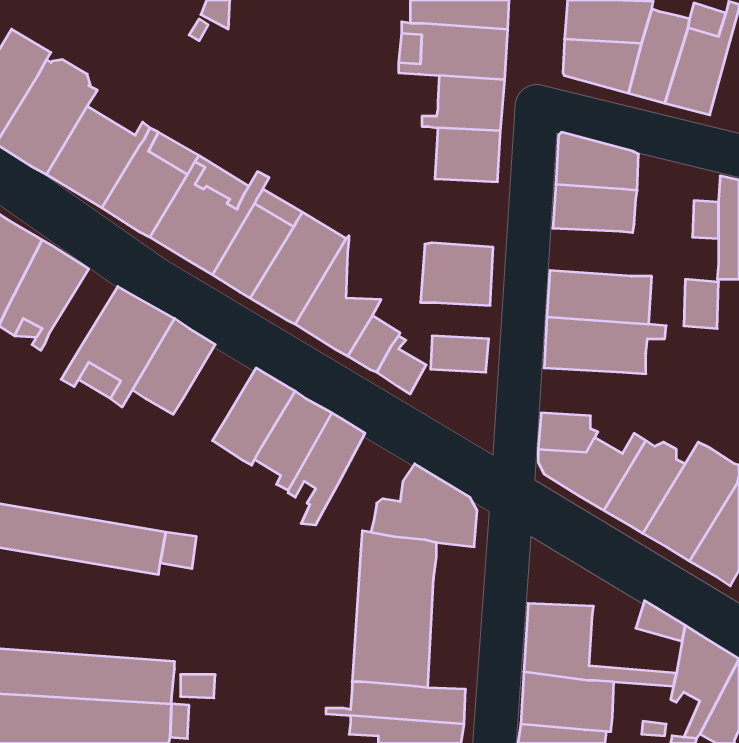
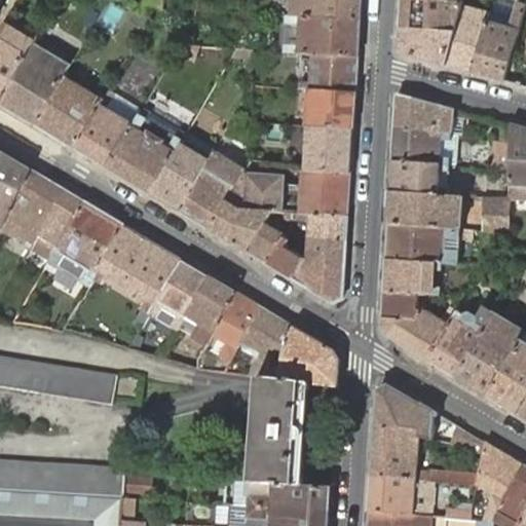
building: none -> [305,126,351,175]
building: none -> [388,161,447,195]
building: none -> [245,170,284,212]
building: none -> [29,190,83,251]
building: none -> [291,213,346,239]
building: none -> [121,243,181,311]
building: none -> [290,258,343,303]
building: none -> [382,260,440,295]
building: none -> [239,306,293,376]
building: none -> [373,385,434,440]

